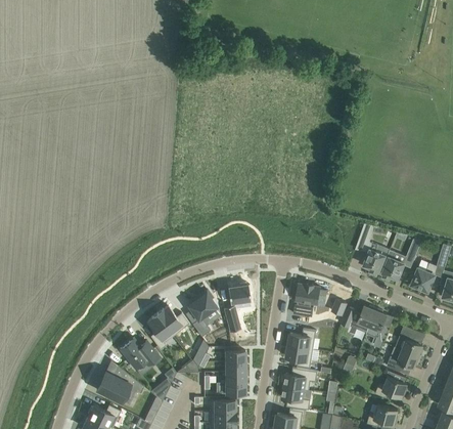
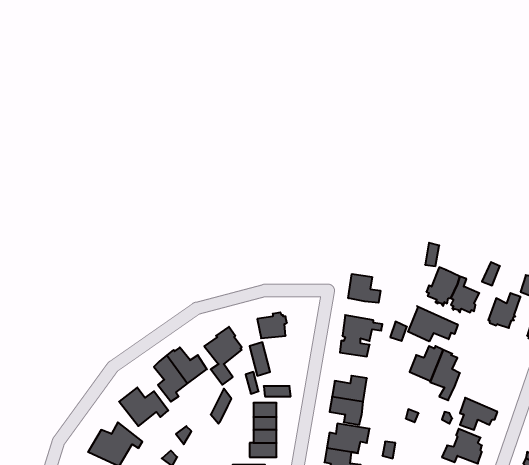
building: none -> [348,274,380,303]
building: none -> [408,306,458,341]
building: [394,331,422,358] -> none

